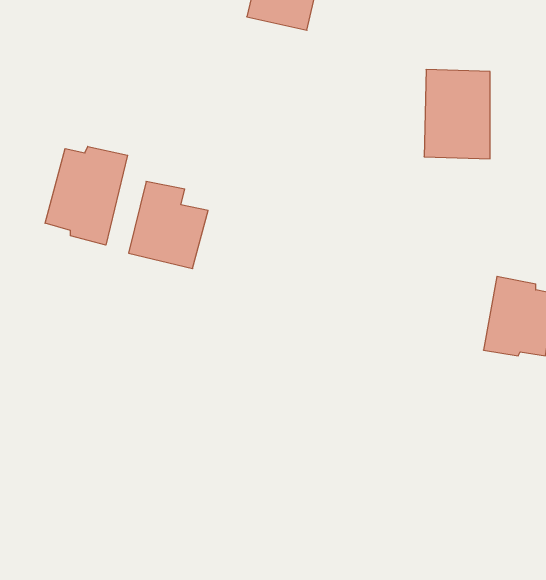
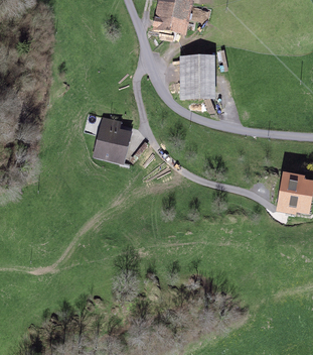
building: [424,70,490,159] -> [181,56,215,103]
building: [45,146,128,245] -> none

